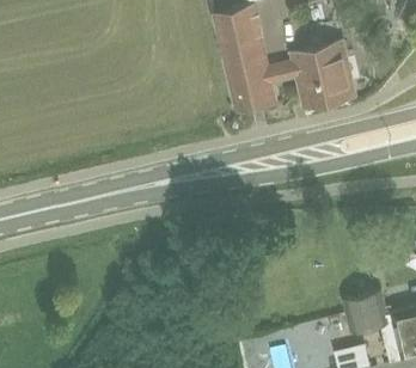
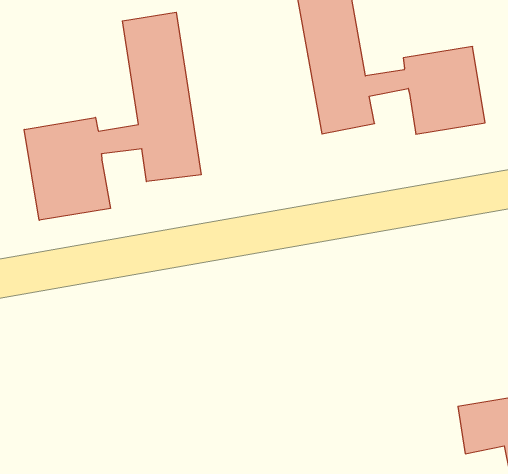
building: none -> [24,12,201,220]

